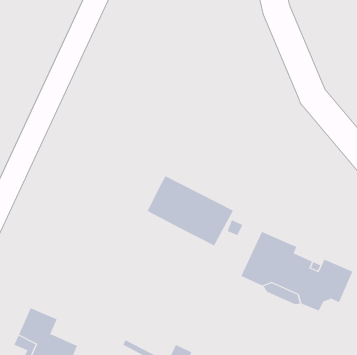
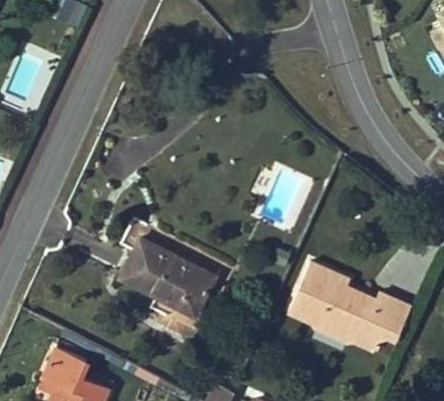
building: [147,176,234,246] -> [120,238,215,315]

